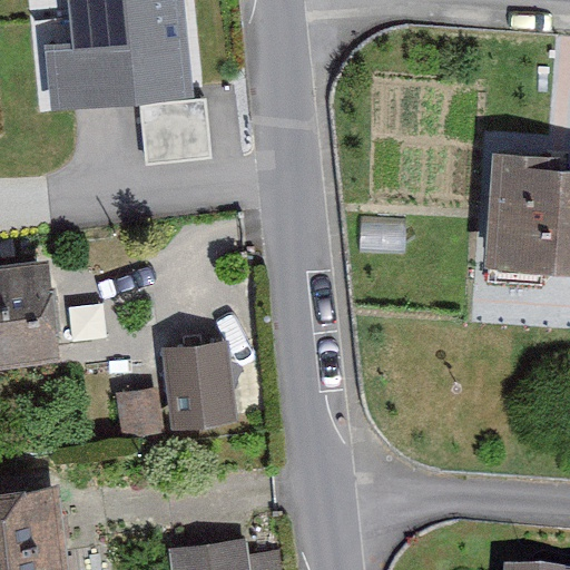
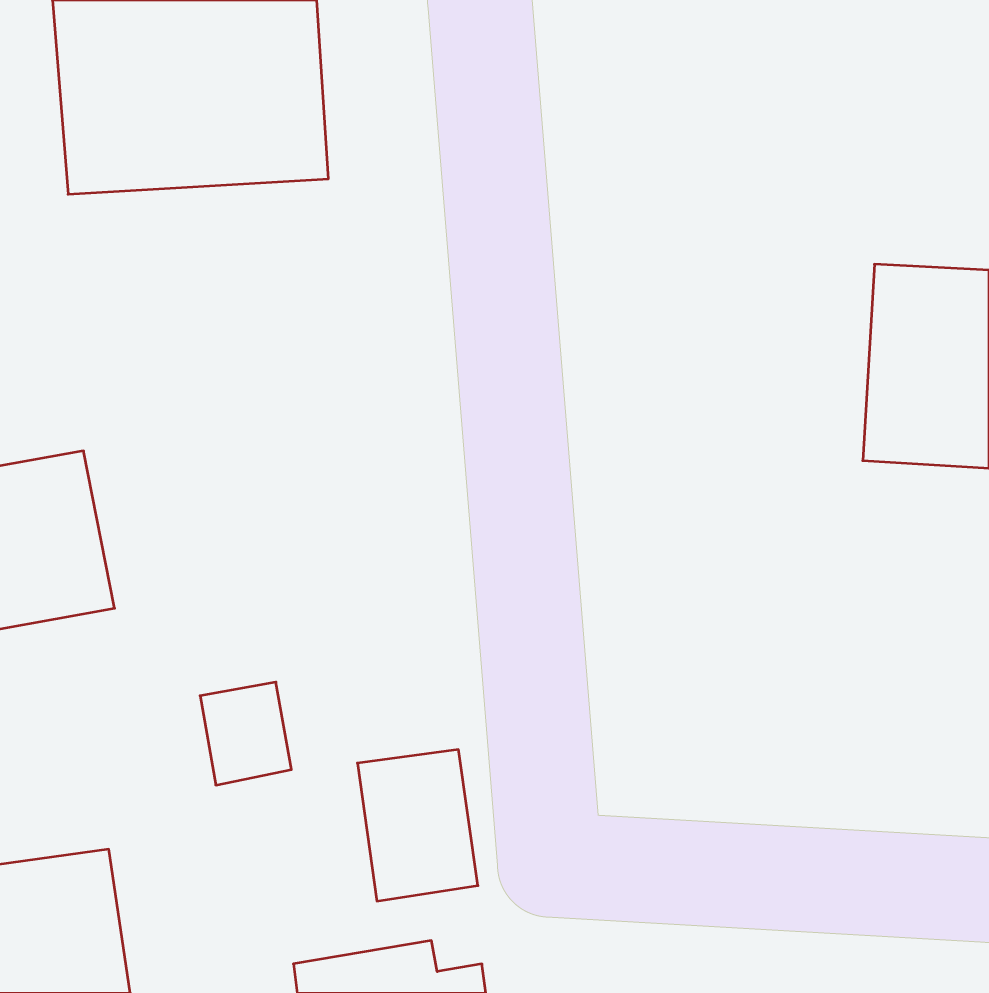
building: [165,346,234,433] -> [357,750,478,901]

